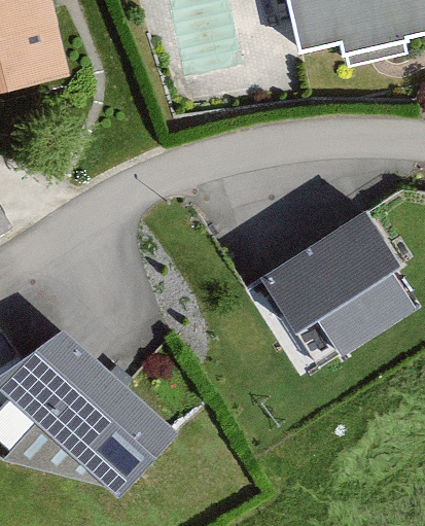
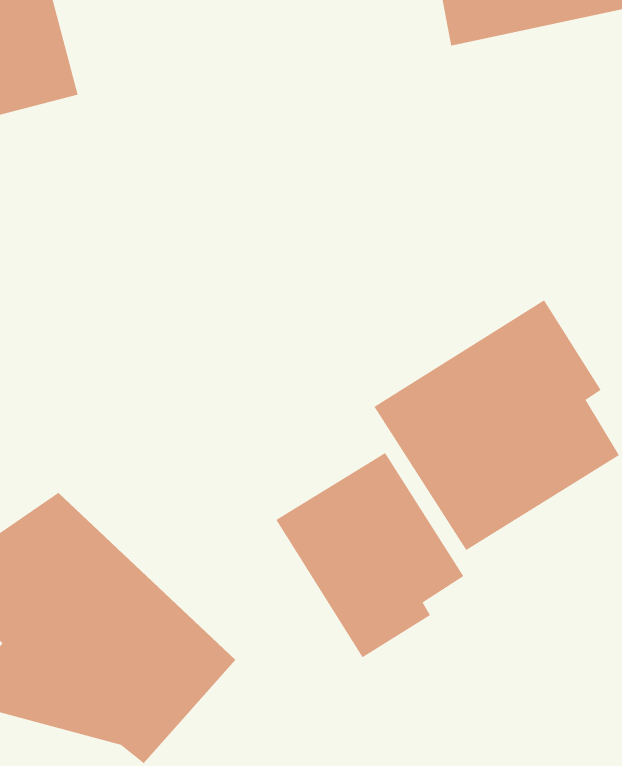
building: none -> [276,452,464,658]

